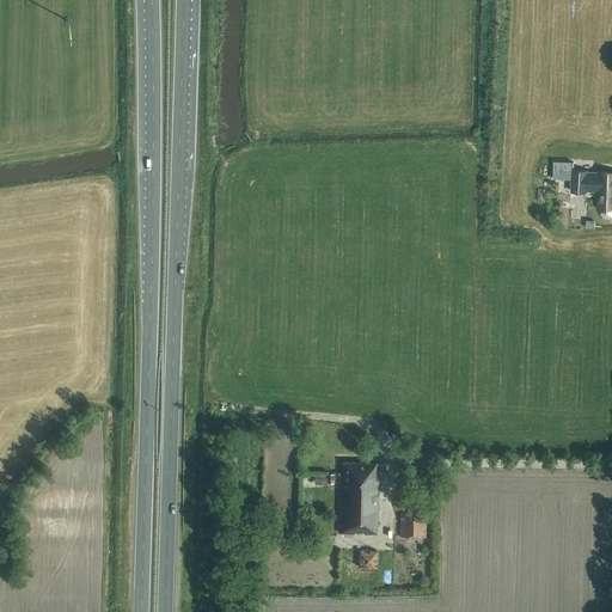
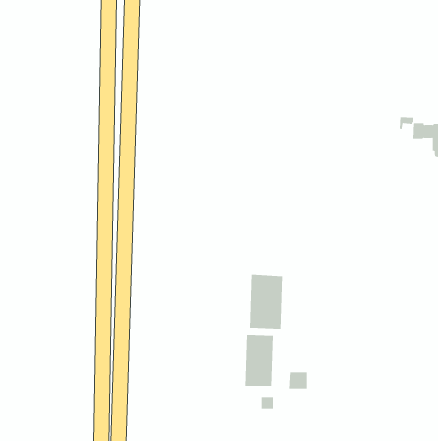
building: none -> [249,274,283,330]

